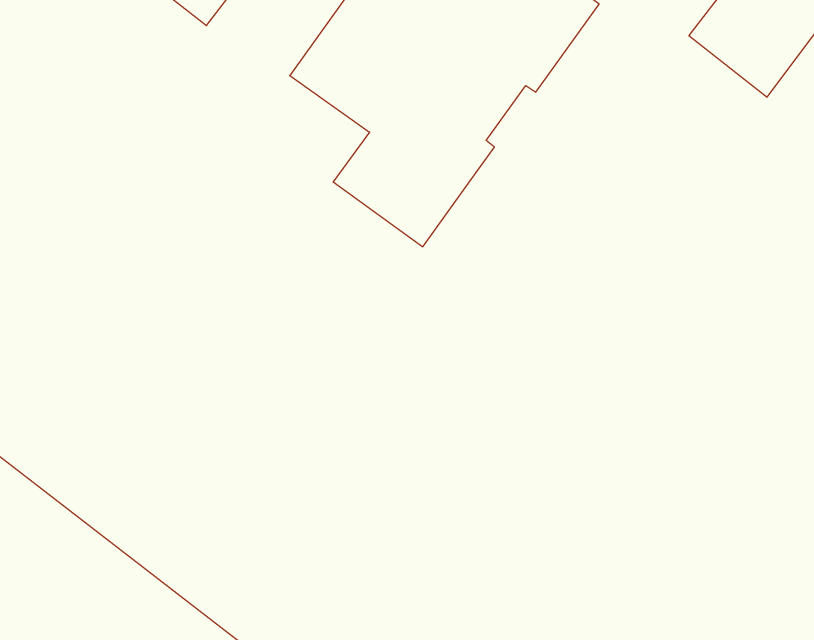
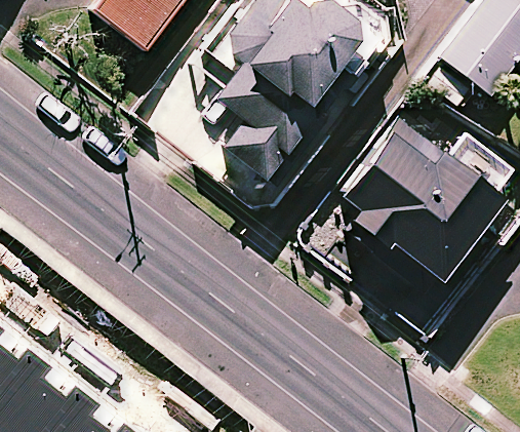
building: none -> [338,121,511,274]

